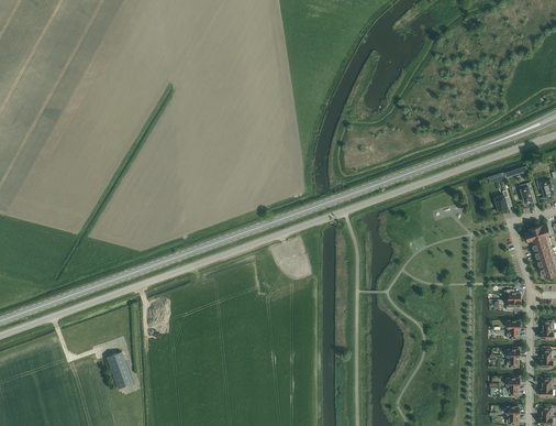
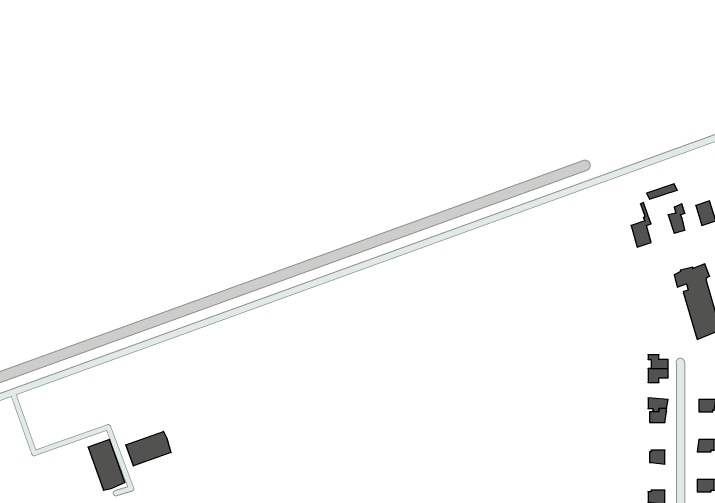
building: none -> [126,431,171,466]

